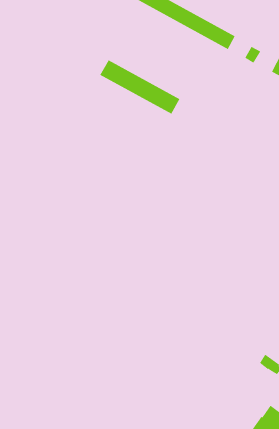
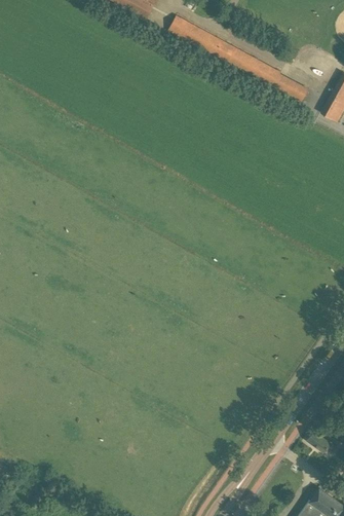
building: [100,59,180,115] -> none

